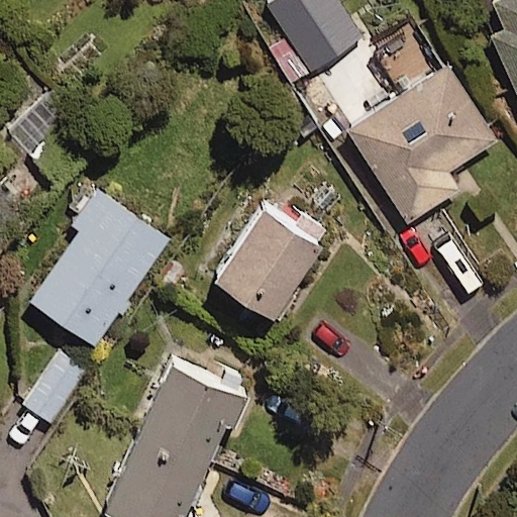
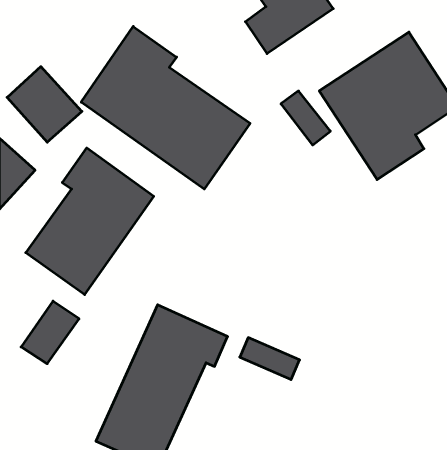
building: none -> [81,26,250,189]
building: [213,193,329,314] -> none

